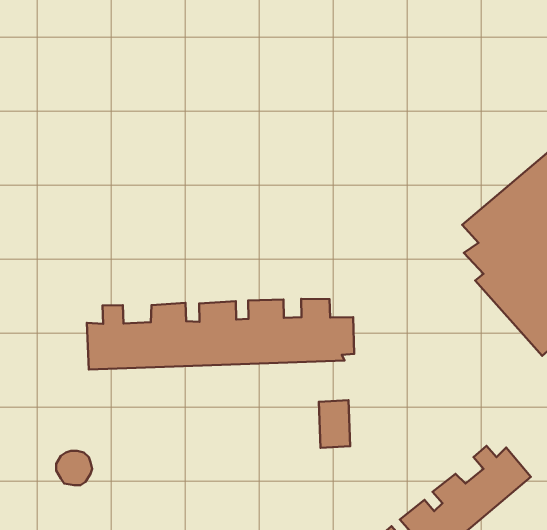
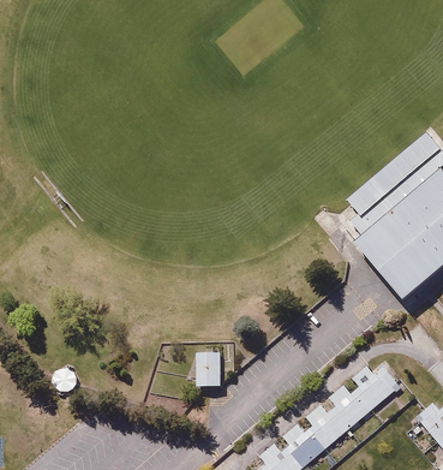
building: [87,299,354,370] -> none
building: [319,400,350,448] -> [199,352,222,387]

